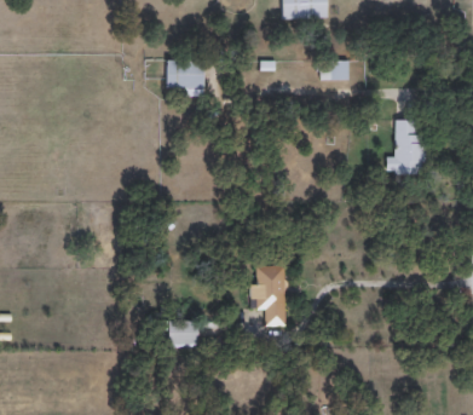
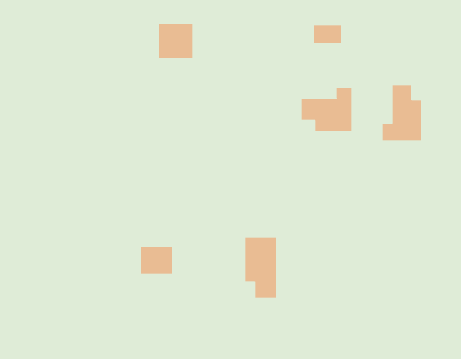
building: none -> [301,87,352,132]
building: [167,319,198,346] -> [140,247,173,274]

